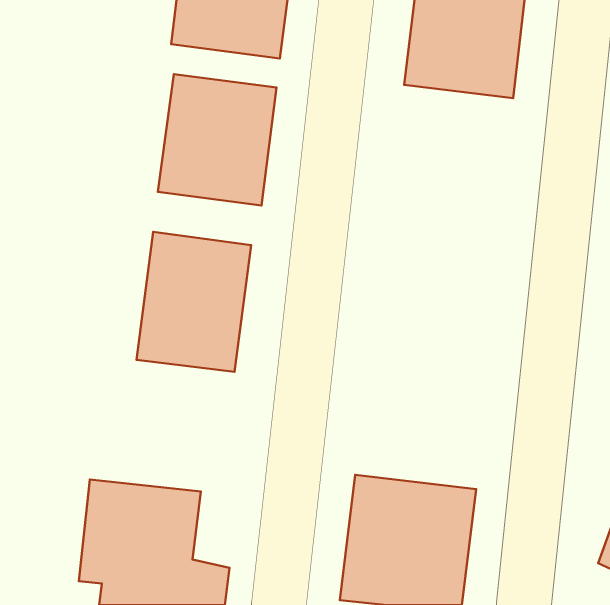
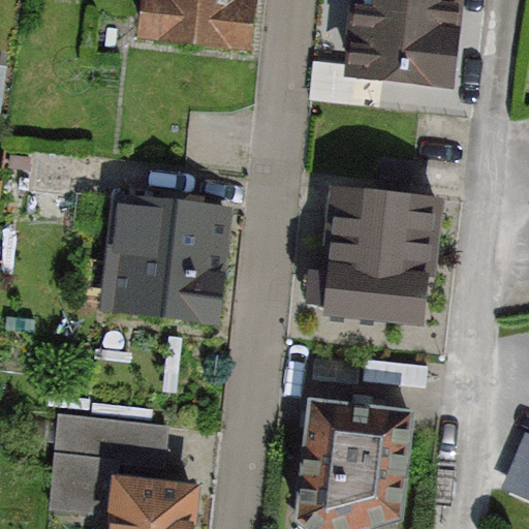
building: [158,74,277,205] -> none
building: none -> [313,194,433,321]

